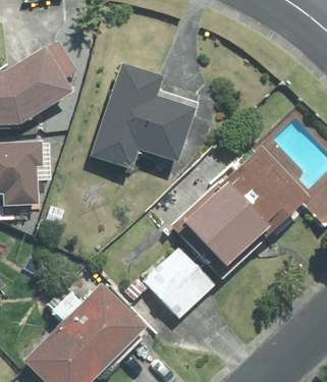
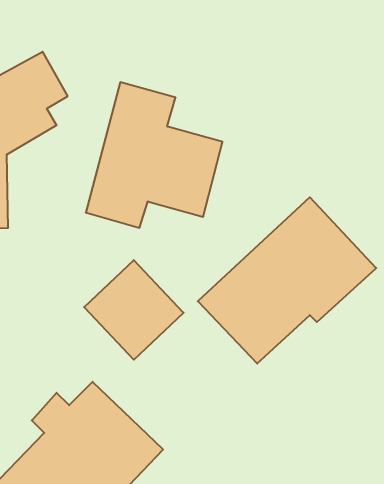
building: [146,244,219,318] -> [84,260,184,360]

